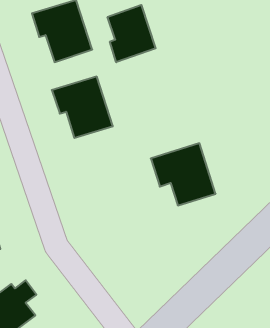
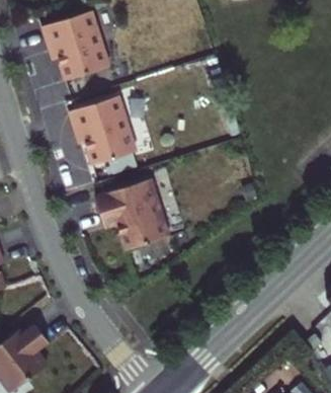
building: [108,5,156,62] -> none
building: [151,143,216,205] -> [96,180,169,250]

